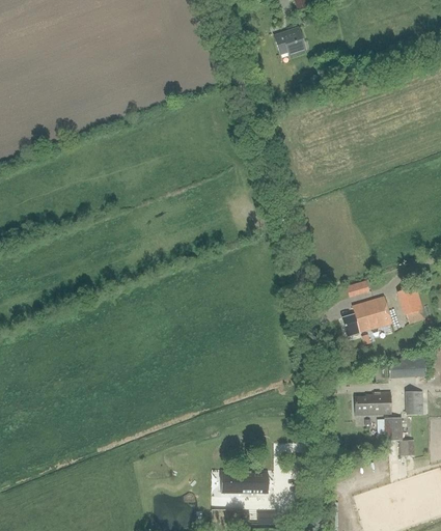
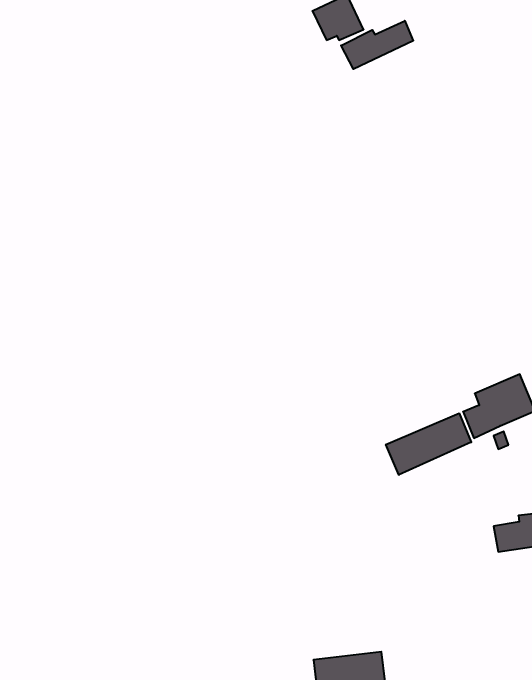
building: none -> [341,21,413,69]
building: none -> [386,413,471,475]

